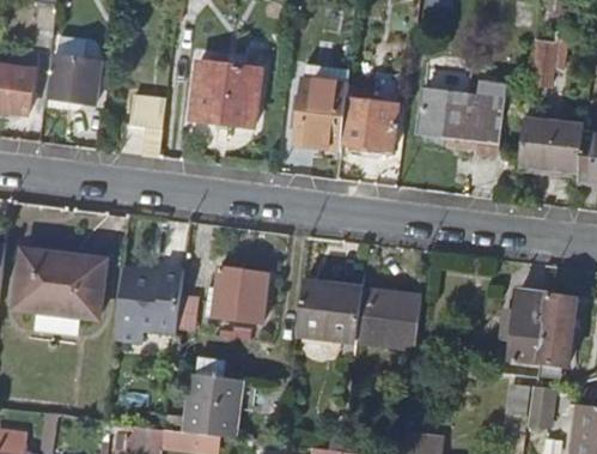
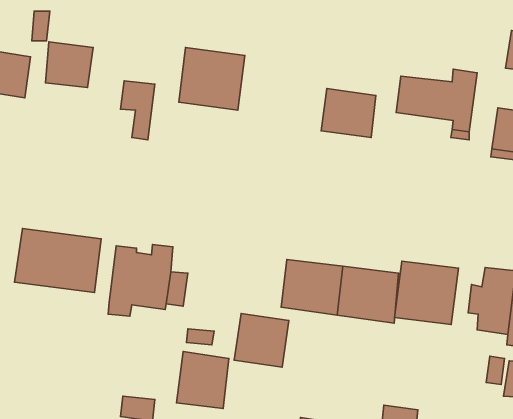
building: [296,68,348,153] -> none
building: [212,265,269,321] -> [234,314,289,367]
building: none -> [395,261,458,324]

